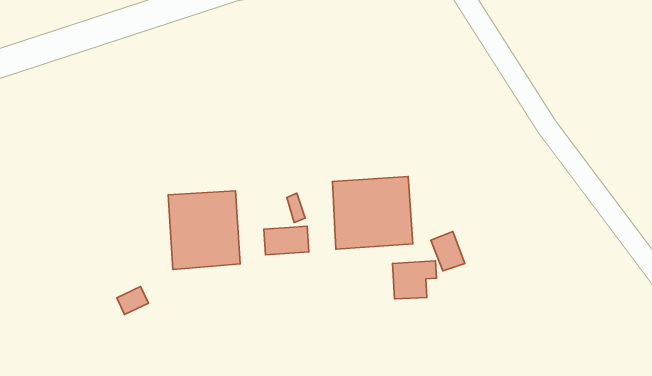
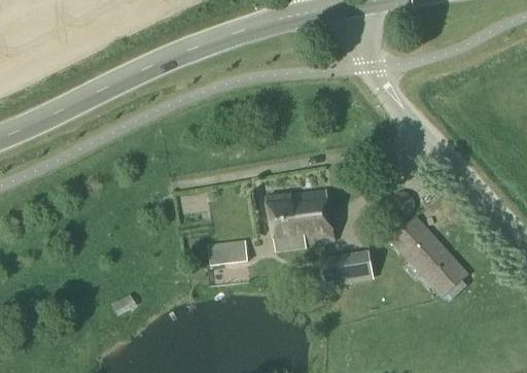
building: [168,191,240,269] -> none
building: none -> [388,215,468,299]

